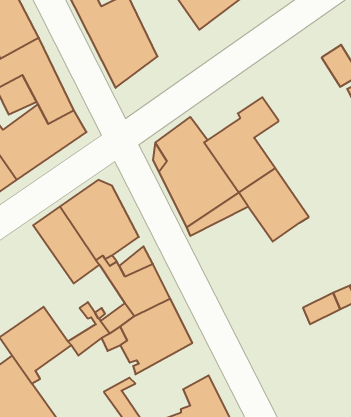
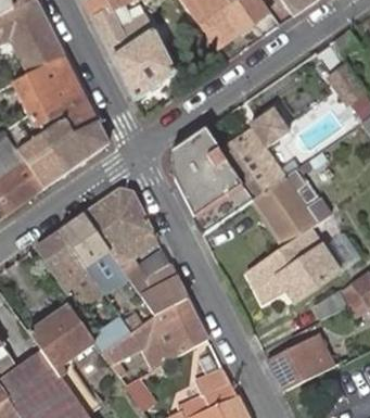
building: none -> [245,227,336,301]
building: none -> [36,229,97,300]
building: none -> [267,335,332,389]

